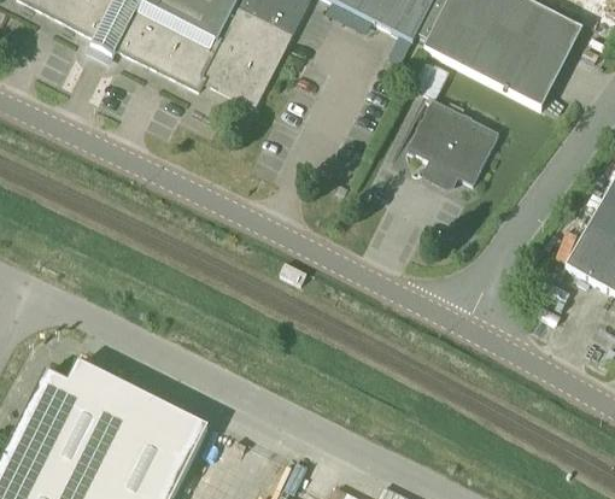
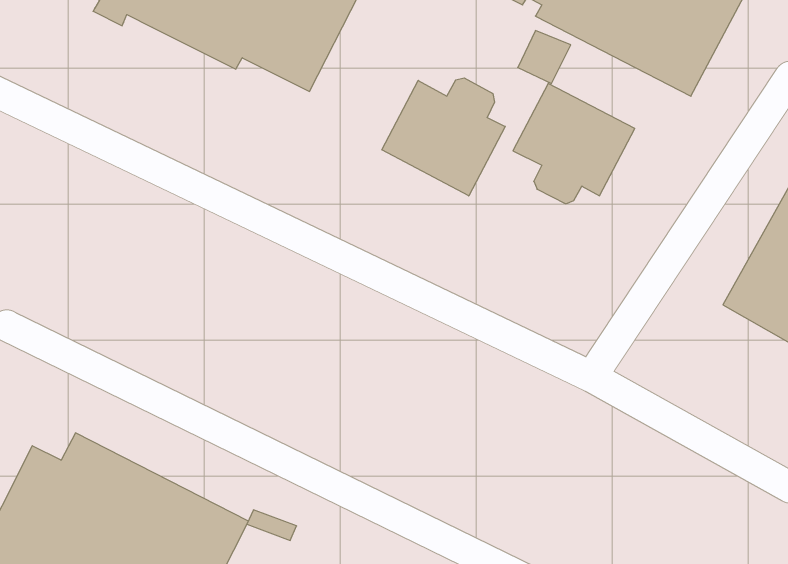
building: none -> [382,78,505,196]

